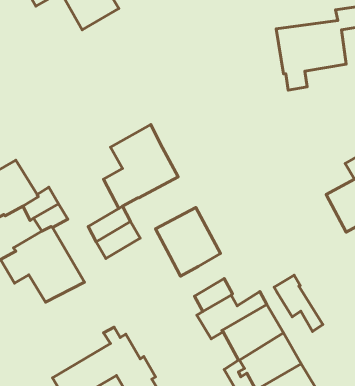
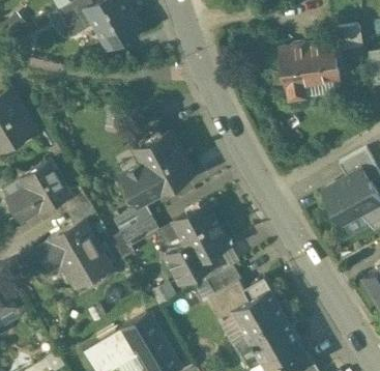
building: none -> [165,248,213,285]
building: [274,275,323,331] -> none

